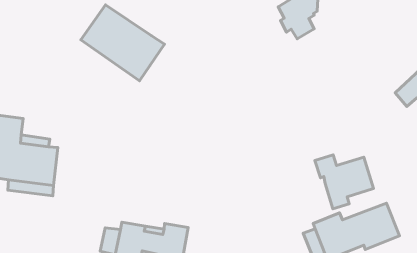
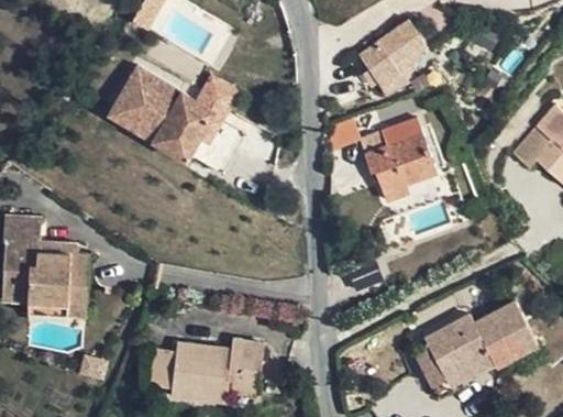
building: none -> [198,74,242,145]
building: [315,155,373,209] -> [358,132,437,201]

